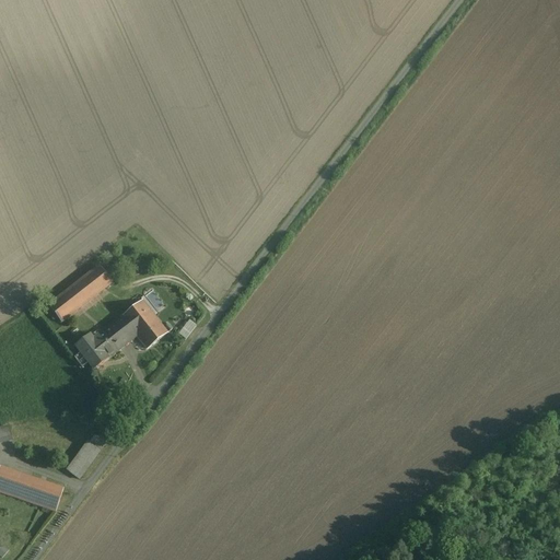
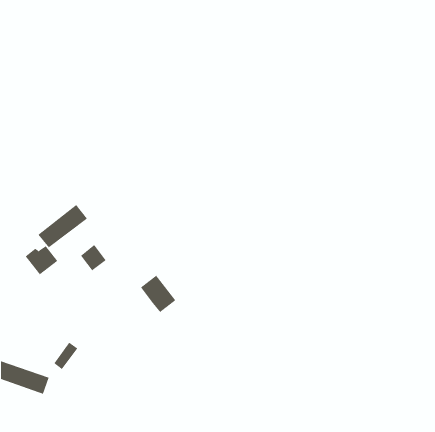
building: [121,298,167,347] -> [140,275,176,313]
building: [75,329,118,368] -> [25,245,58,275]

